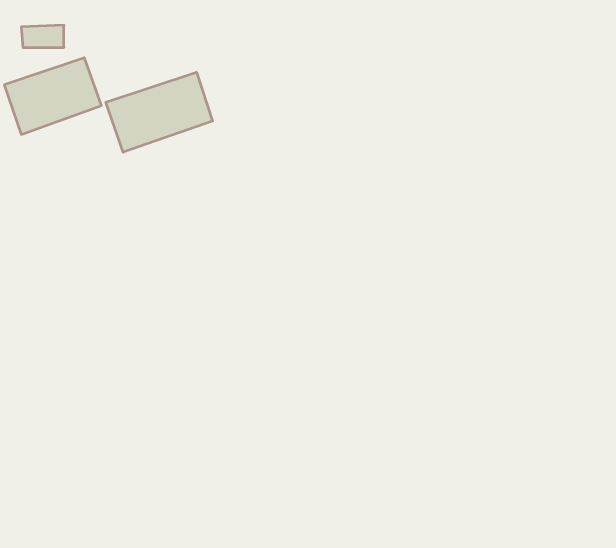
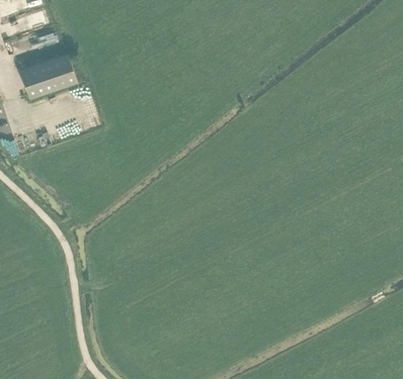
building: [106,72,213,152] -> none

